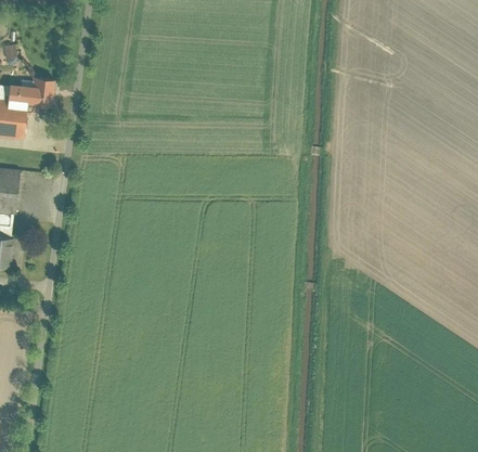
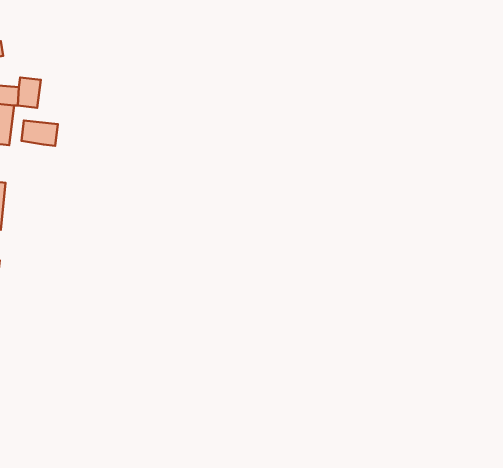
building: none -> [22,121,58,146]

